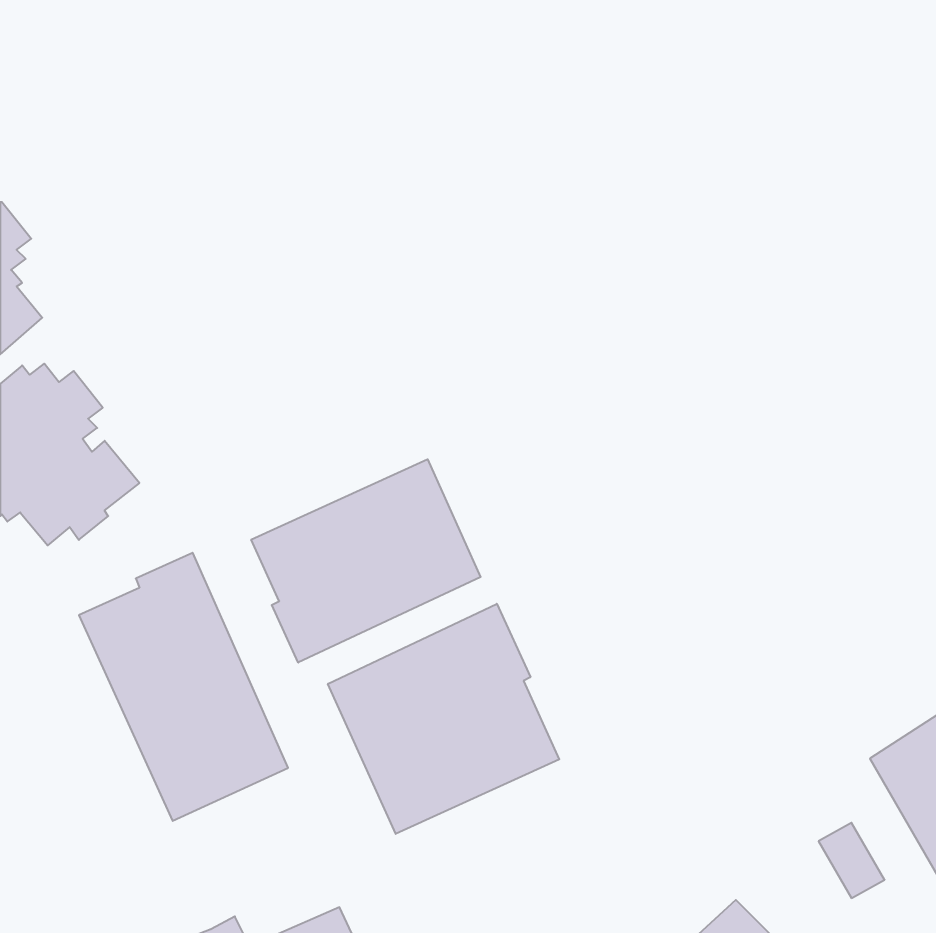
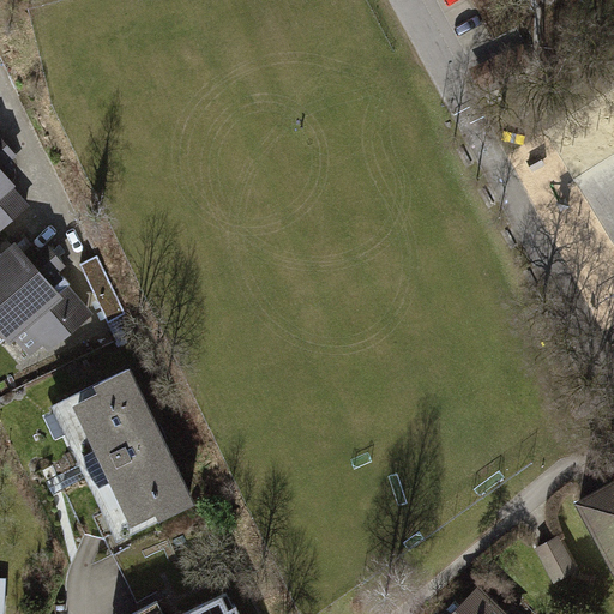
building: [251,459,481,663] -> none
building: [328,604,559,834] -> none

